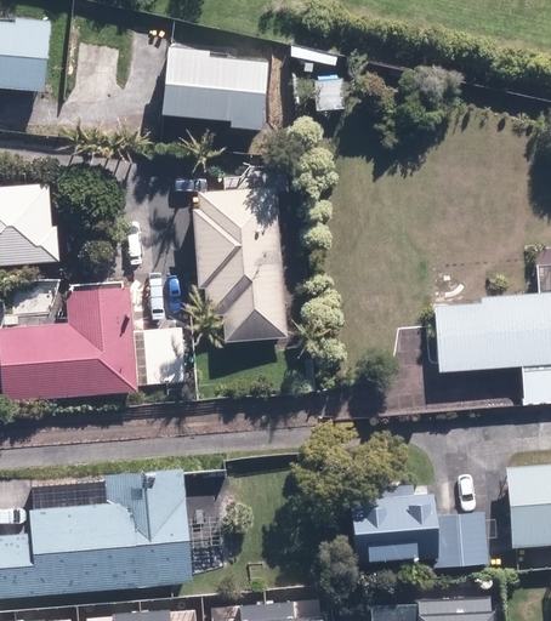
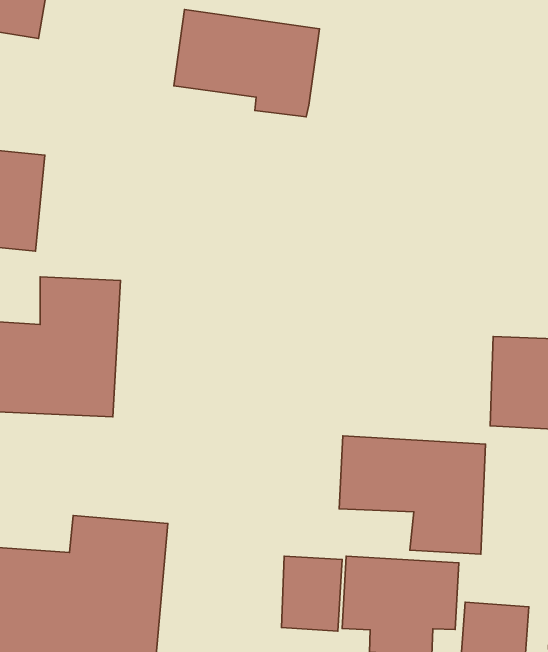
building: [191,188,284,340] -> none
building: none -> [339,436,486,554]
building: none -> [281,556,342,631]

